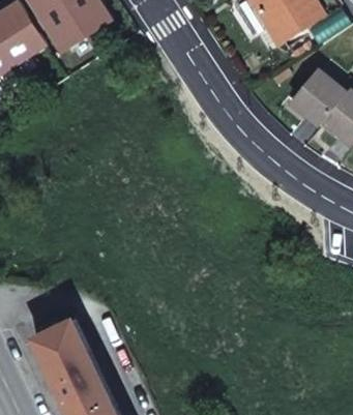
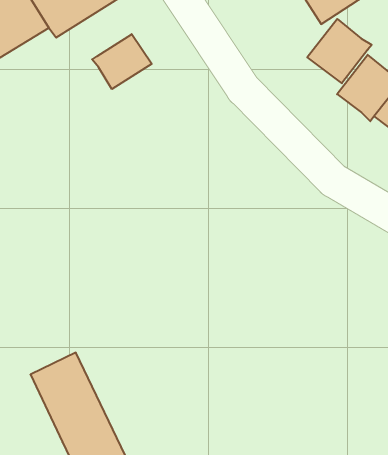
building: none -> [307,19,372,83]
building: none -> [92,34,152,89]

